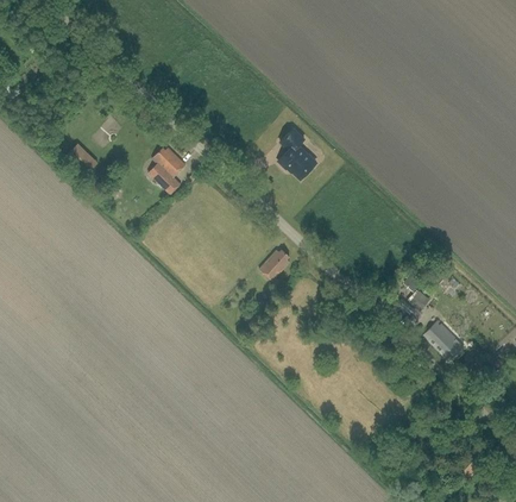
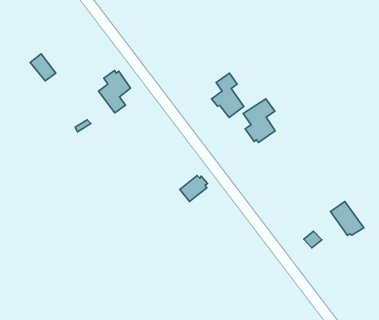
building: none -> [243,99,275,143]
building: [422,320,462,358] -> [331,201,364,236]

